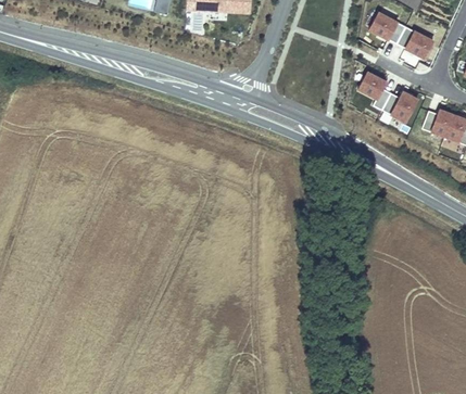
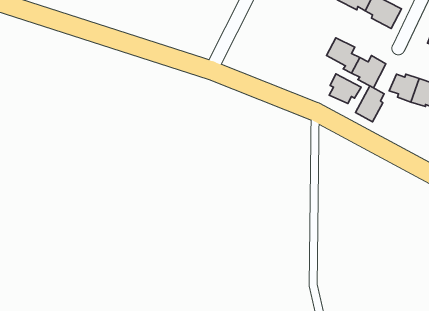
building: none -> [329,74,361,104]
building: none -> [355,86,384,122]

